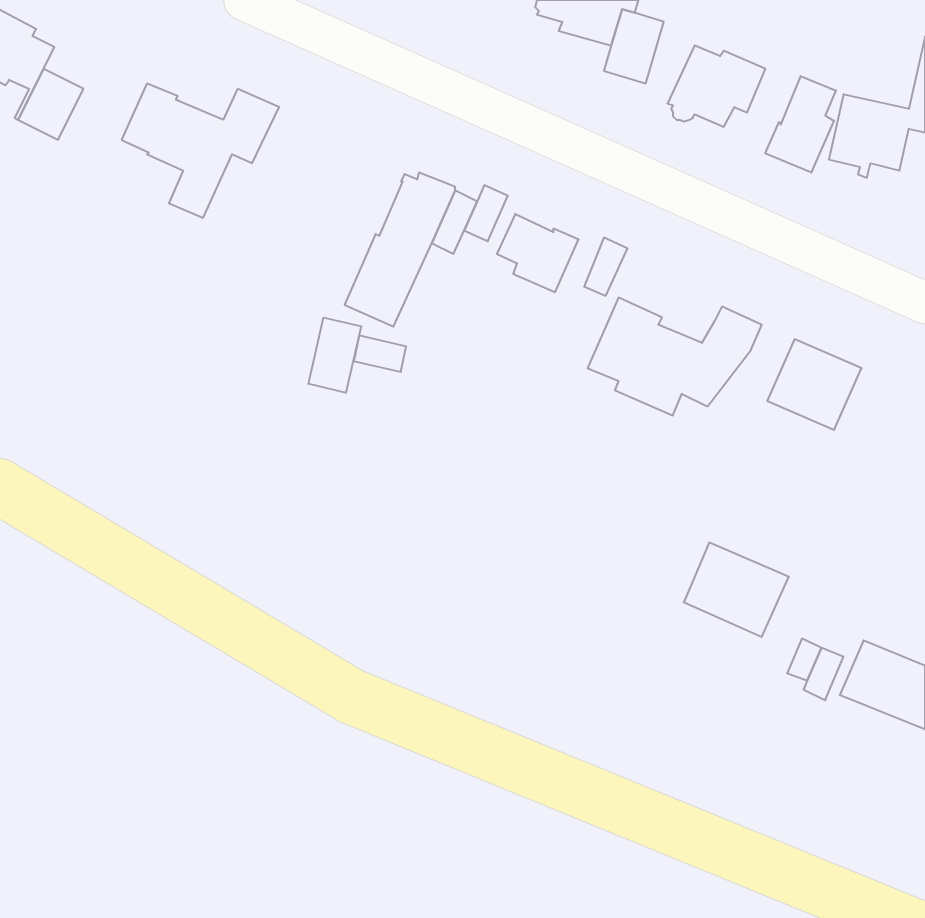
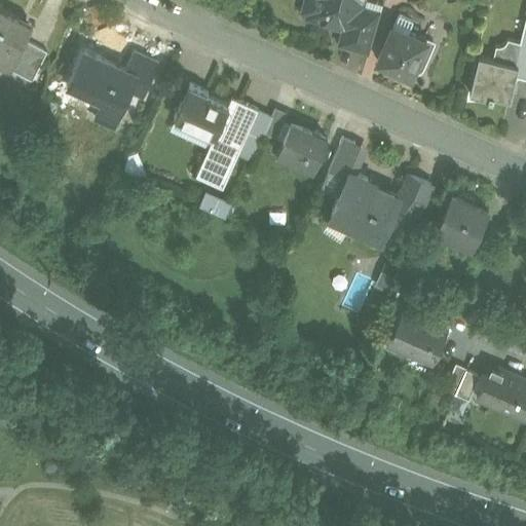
building: [765,76,836,173] -> none
building: none -> [175,86,228,139]
building: [308,318,361,393] -> none

